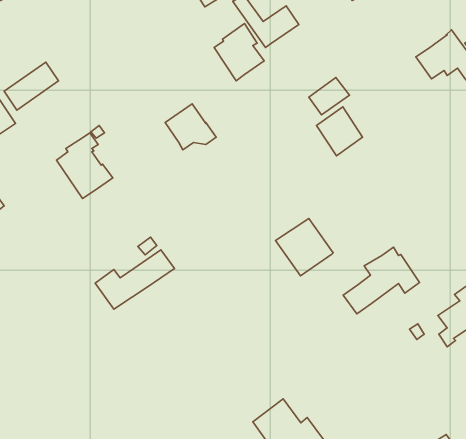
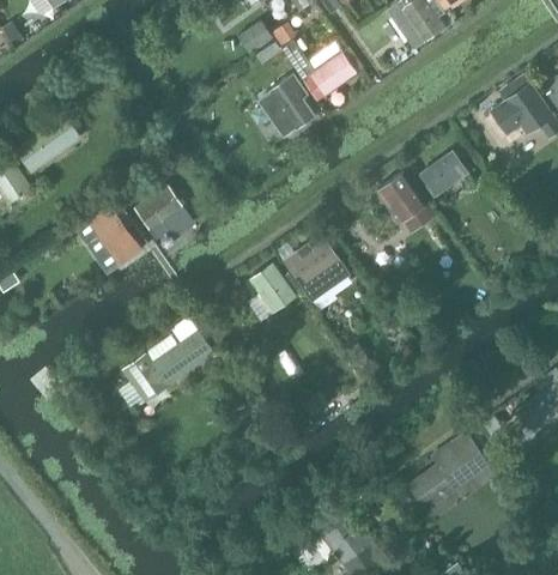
building: [309,77,350,115] -> [421,153,468,196]
building: [165,104,216,150] -> [137,187,195,240]
building: none -> [249,266,293,313]
building: [276,219,333,276] -> [283,236,348,302]
building: [343,247,420,314] -> [408,434,496,510]

